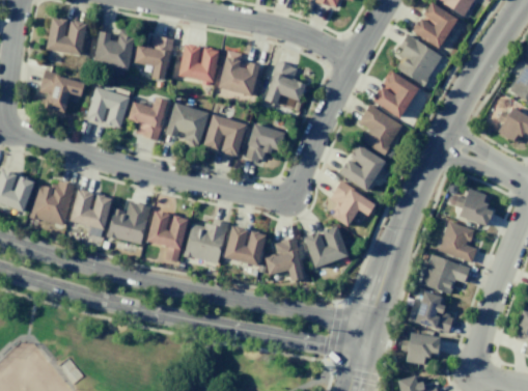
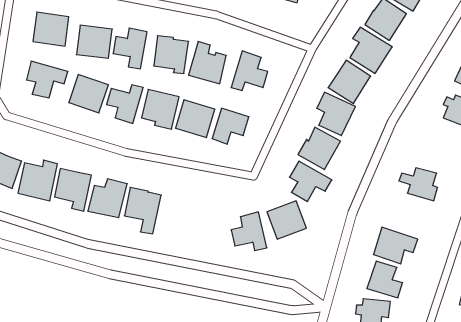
building: [185,220,227,263] -> none
building: [439,221,476,262] -> none
building: [224,226,266,266] -> none

